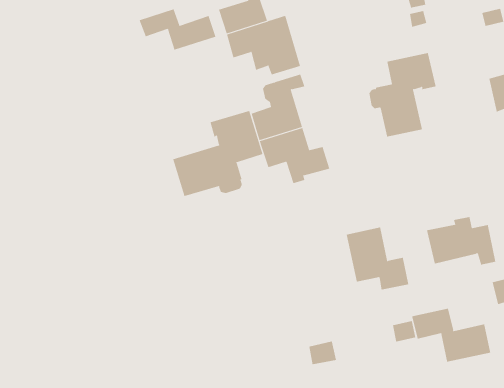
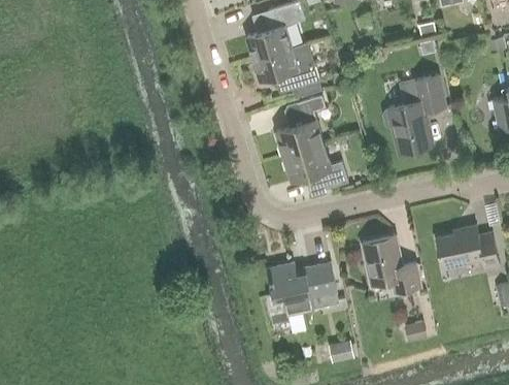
building: [139,9,216,51] -> none
building: [172,110,263,197] -> none
building: none -> [267,262,339,317]
building: [411,308,491,362] -> none

